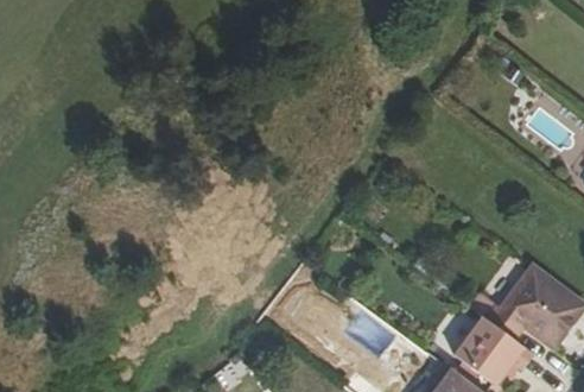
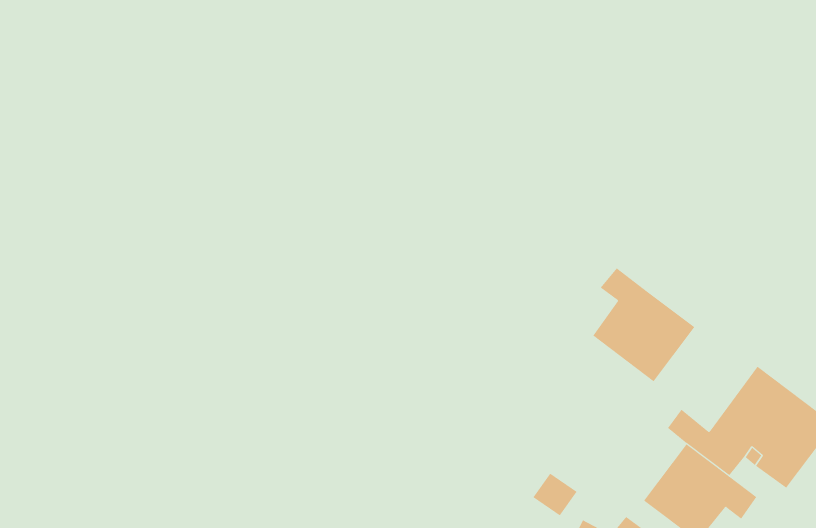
building: none -> [593,268,695,382]

